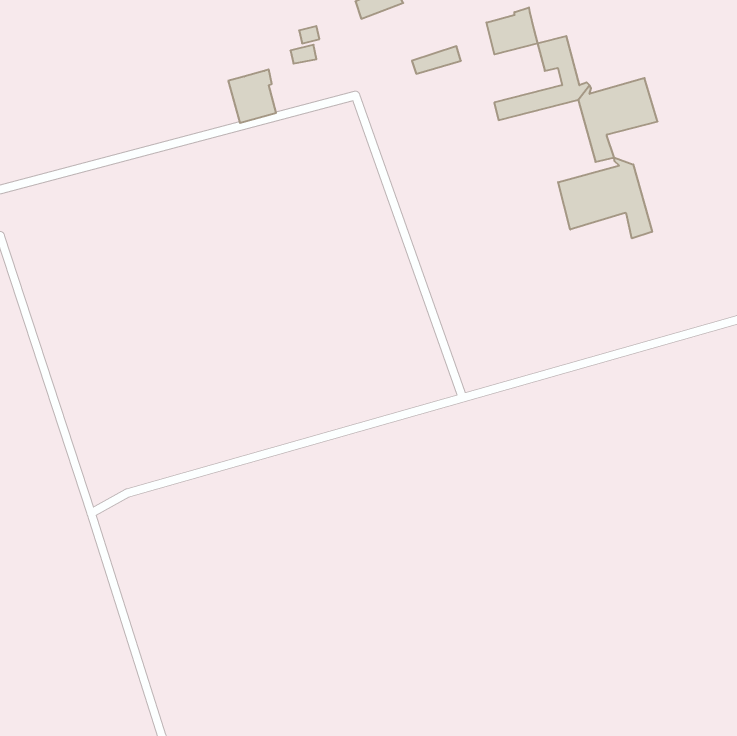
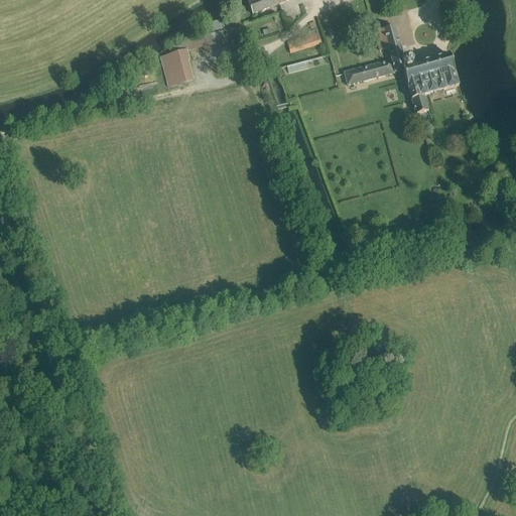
building: [486,7,538,54] -> none
building: [558,158,652,238] -> none

